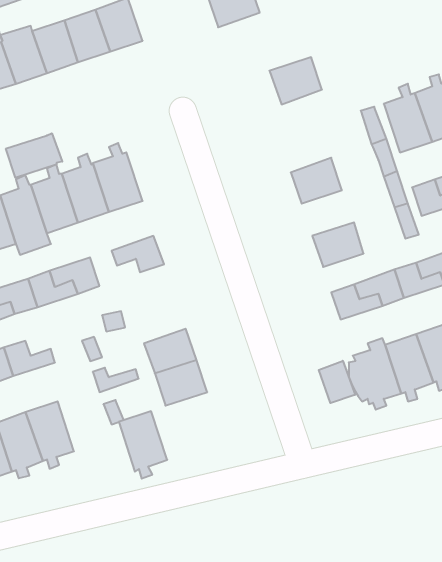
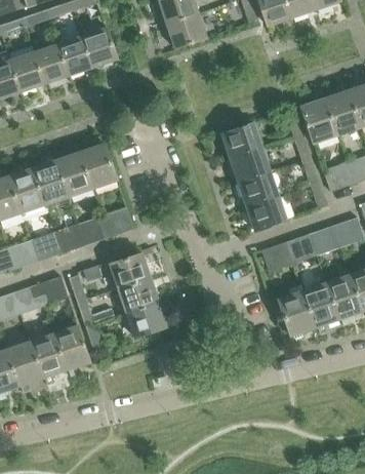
building: [269,57,322,104] -> [220,123,260,159]
building: [6,133,62,178] -> none
building: none -> [238,172,278,207]
building: none -> [77,219,115,245]
building: none -> [110,253,150,289]
building: none -> [28,276,67,304]
building: [319,361,355,403] -> none
building: [119,411,167,479] -> [52,325,89,377]

